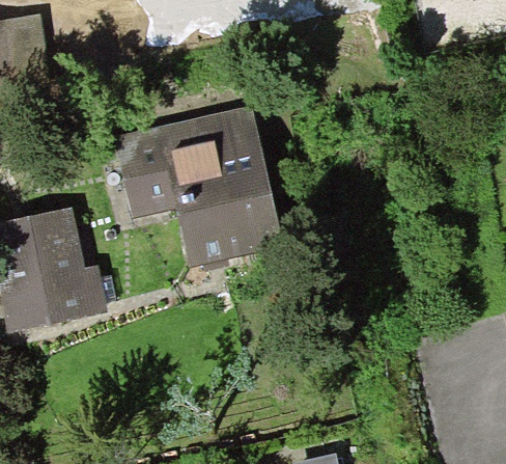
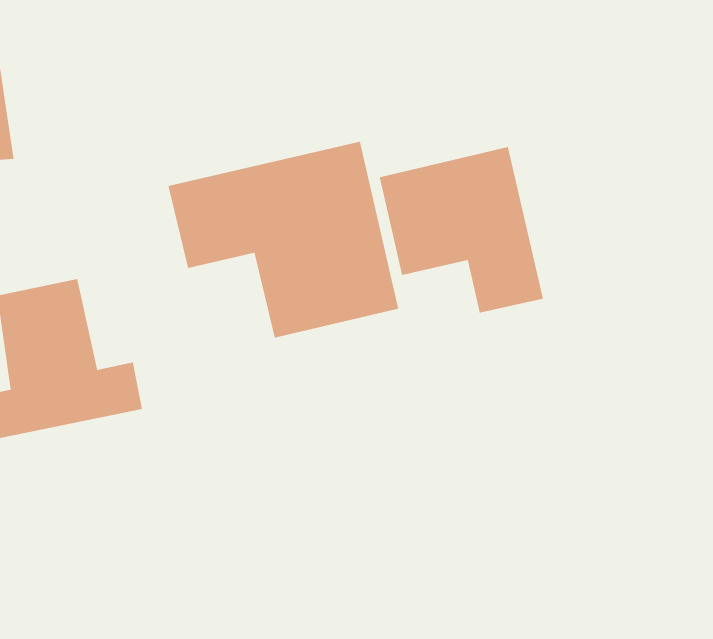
building: none -> [379,146,544,314]

